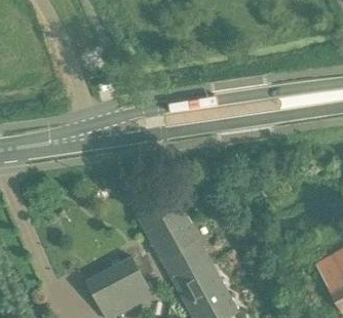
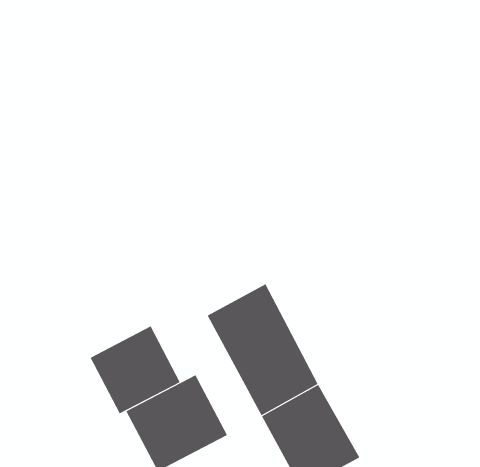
building: none -> [90,326,181,414]

